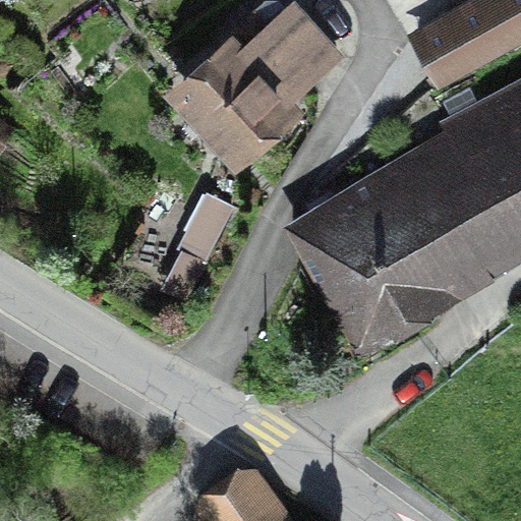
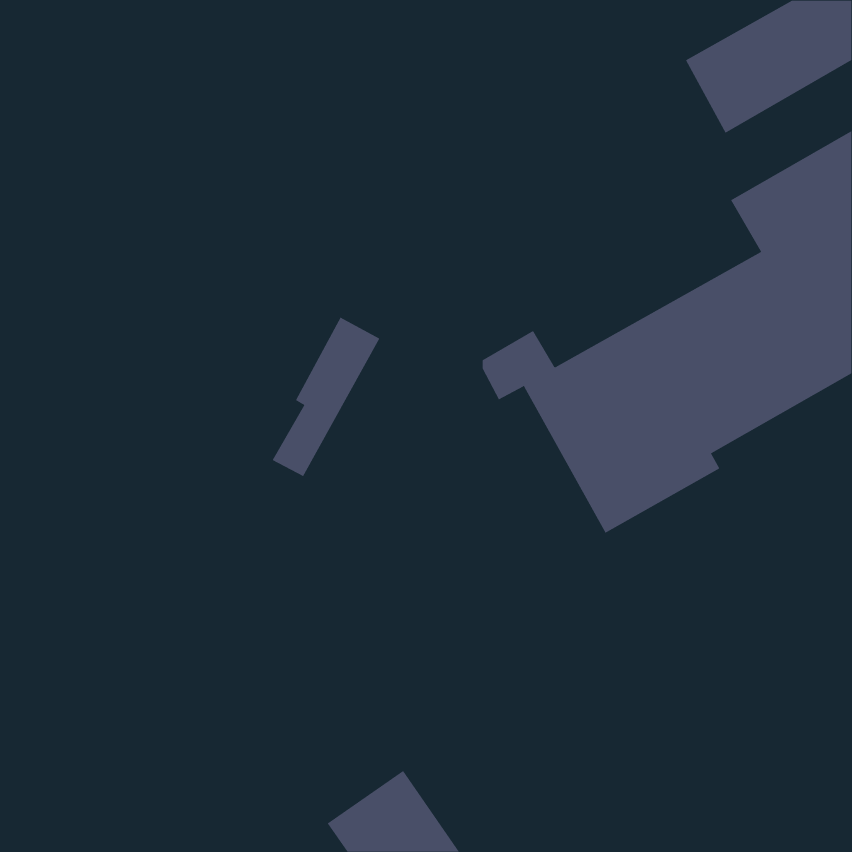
building: [186,7,334,144] -> none

